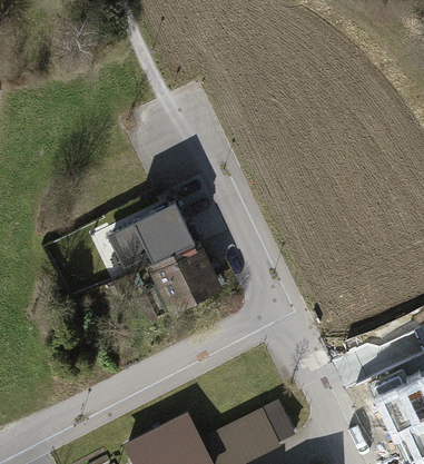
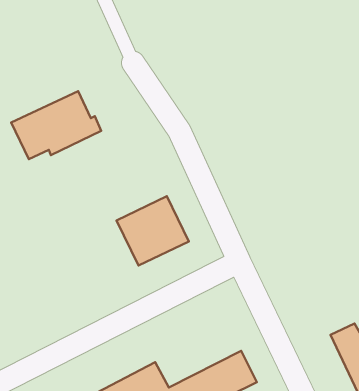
building: [103,195,199,267] -> [11,91,101,159]

